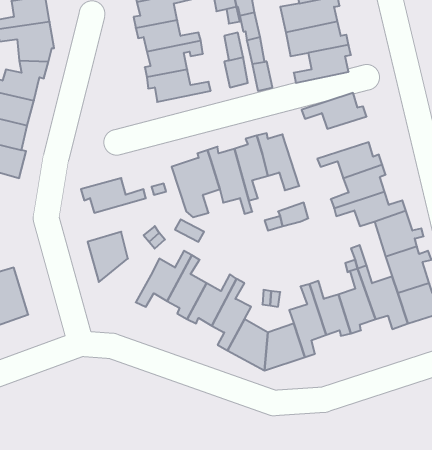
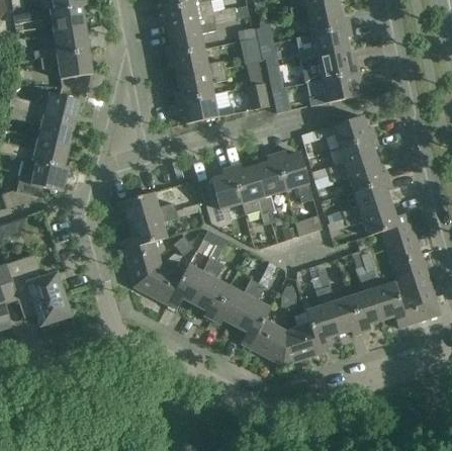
building: none -> [329,136,378,174]
building: none -> [120,209,178,249]
building: none -> [133,264,182,303]

